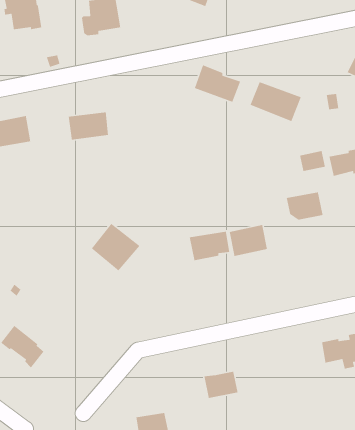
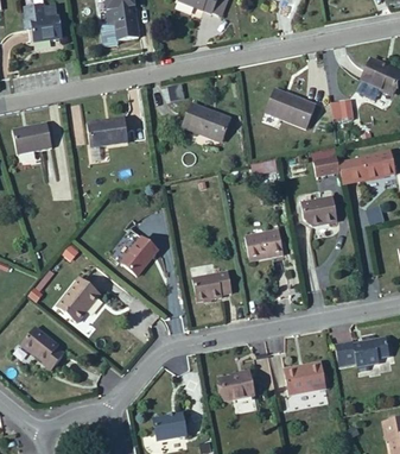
building: [194,64,241,103] -> [183,102,229,140]
building: [189,231,230,261] -> [191,271,231,301]
building: none -> [57,278,99,321]
building: none -> [284,361,325,393]

